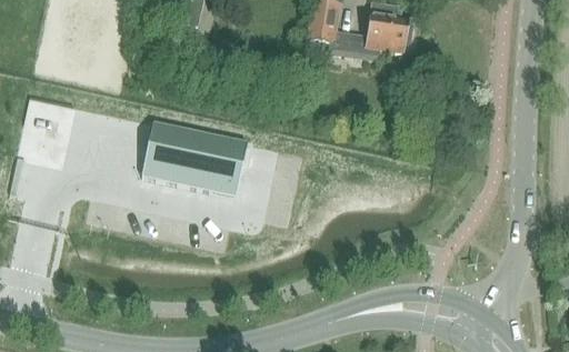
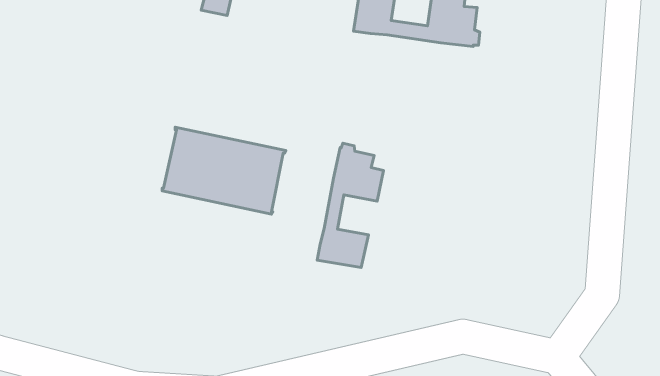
building: none -> [317,143,384,268]

